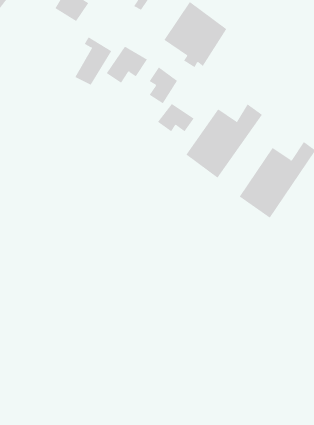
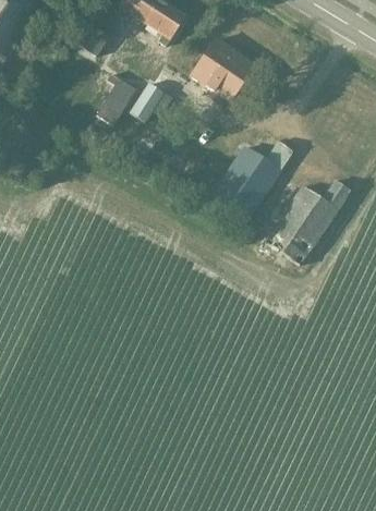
building: [149,67,178,104] -> none
building: [157,103,194,132] -> none

